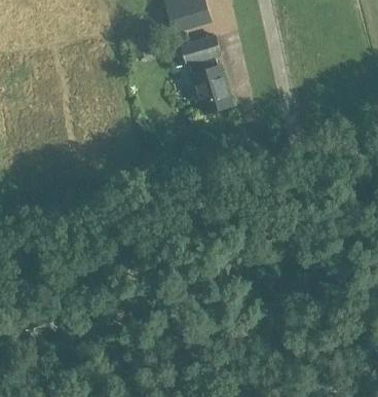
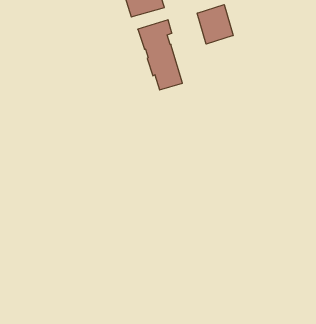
building: none -> [197,5,233,44]

